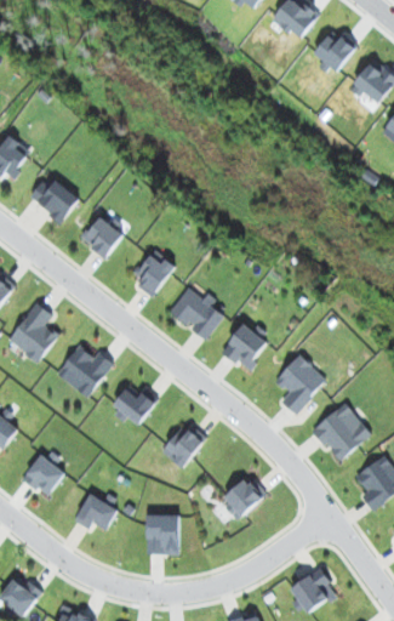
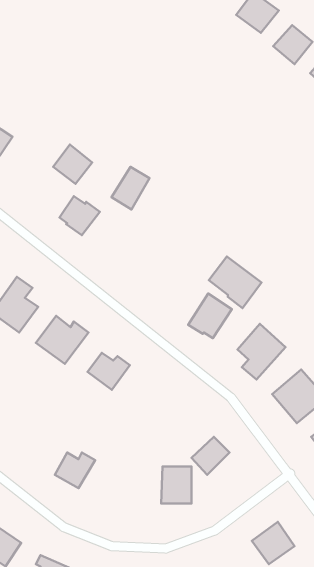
building: [36,180,79,222] -> [53,145,92,184]
building: [132,251,173,297] -> [111,167,149,209]
building: [169,285,225,341] -> [209,257,262,308]
building: [169,423,206,468] -> none
building: [25,448,64,494] -> none
building: [145,514,178,554] -> [161,467,191,504]

